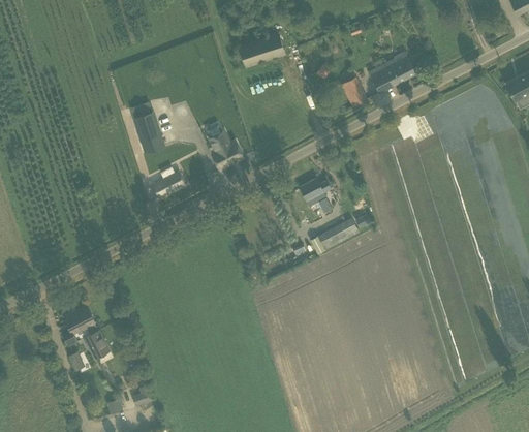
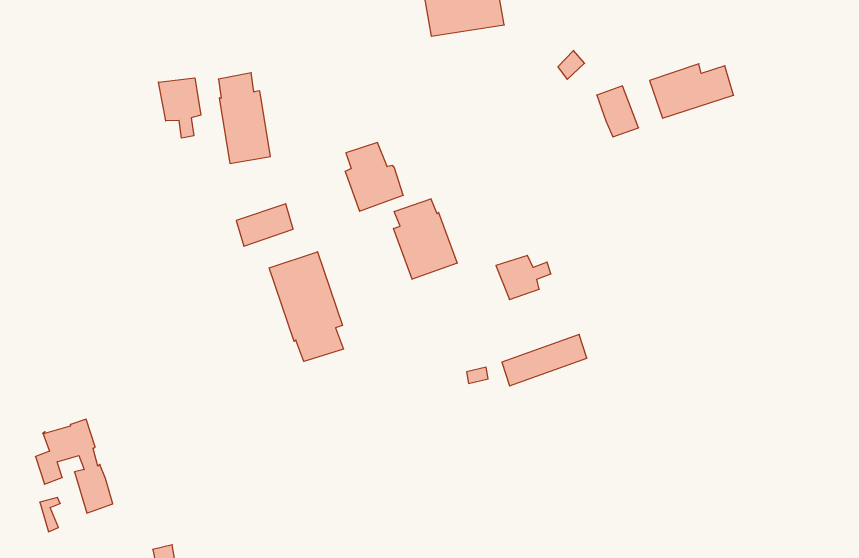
building: none -> [158,78,201,138]
building: none -> [394,199,457,279]
building: none -> [269,252,343,361]

